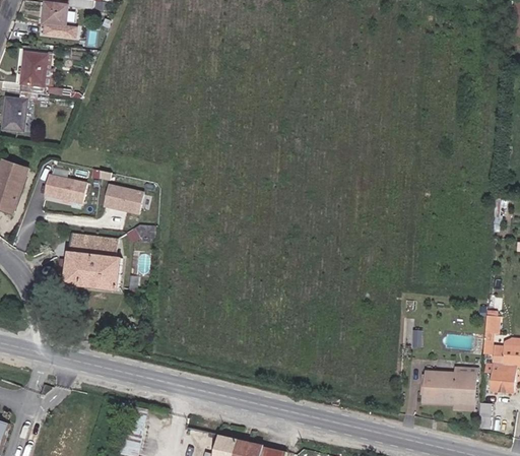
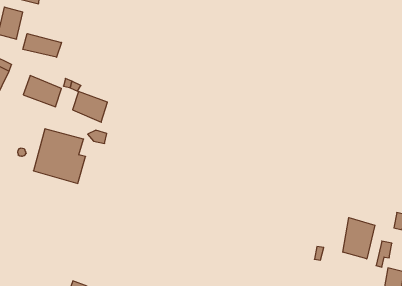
building: none -> [23,34,61,57]
building: none -> [343,218,375,259]

